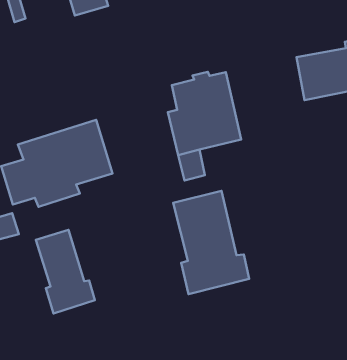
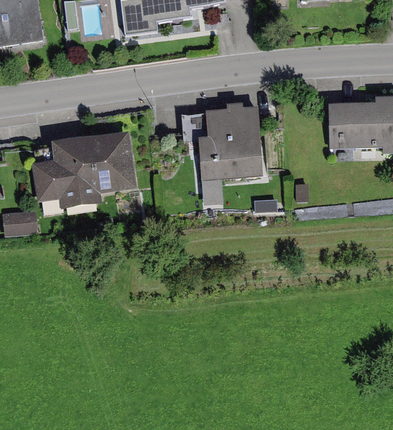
building: [173,191,249,294] -> none
building: [36,230,95,313] -> none

